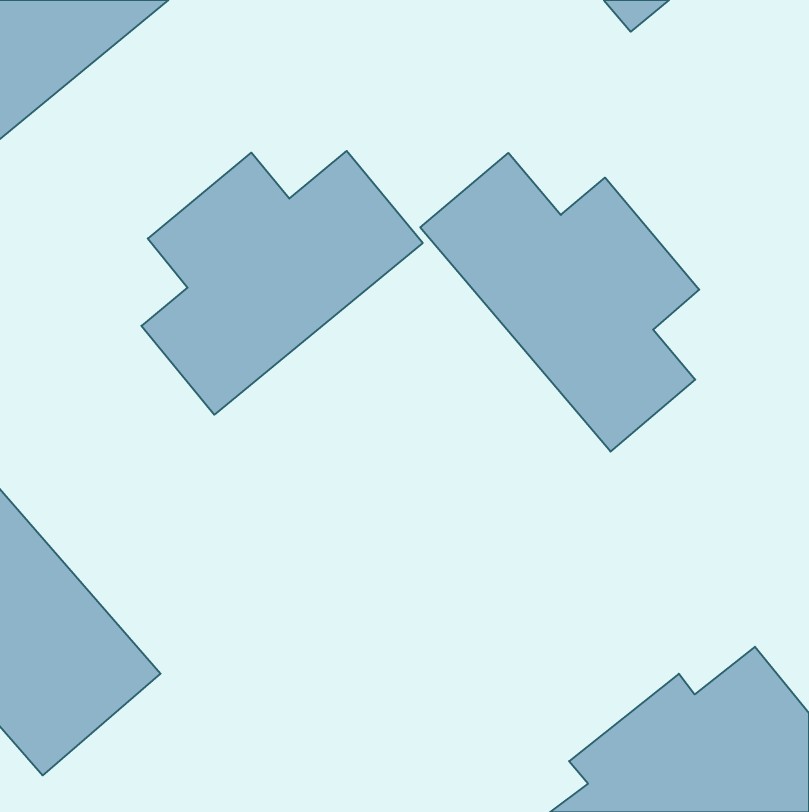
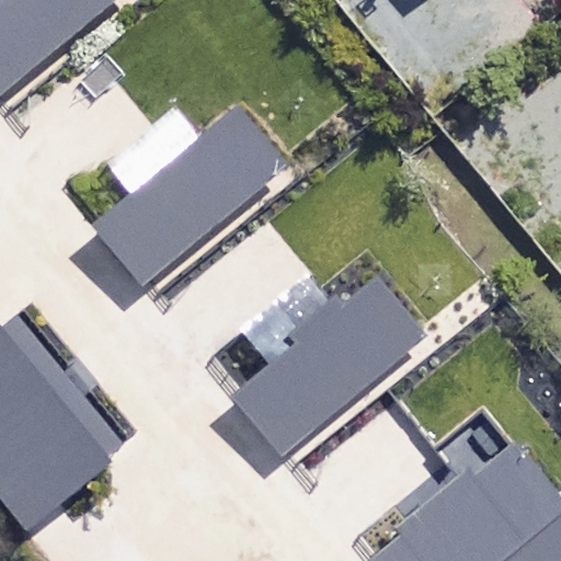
building: [420,153,699,452] -> none
building: none -> [230,277,427,457]

